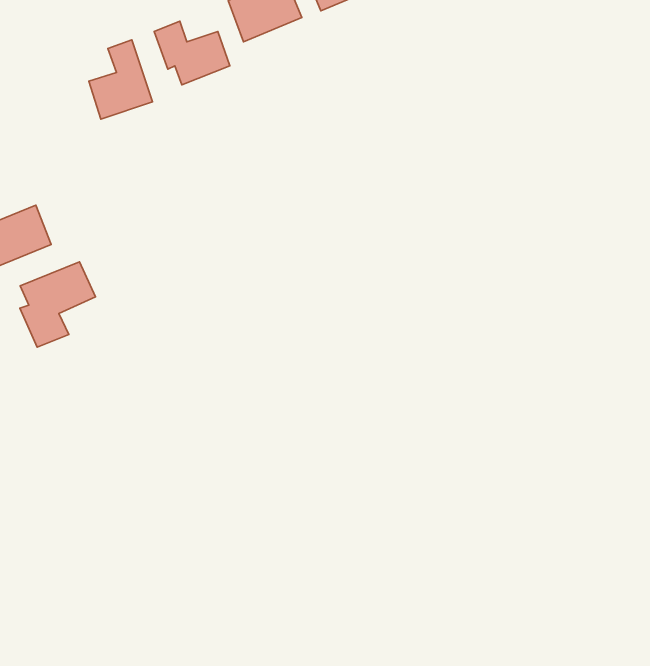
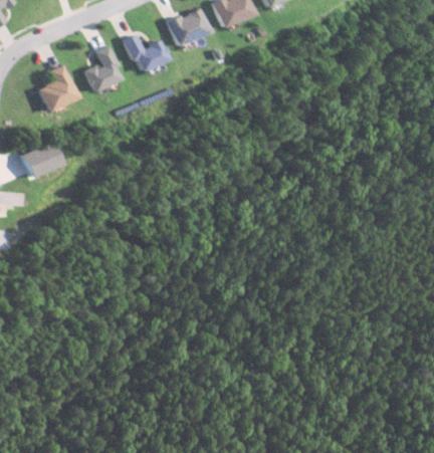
building: none -> [39,64,80,111]
building: [20,262,95,347] -> none

